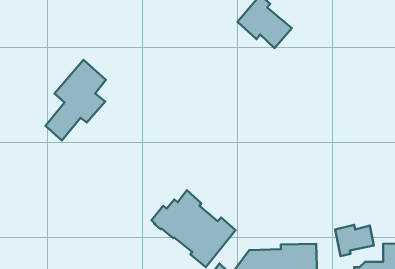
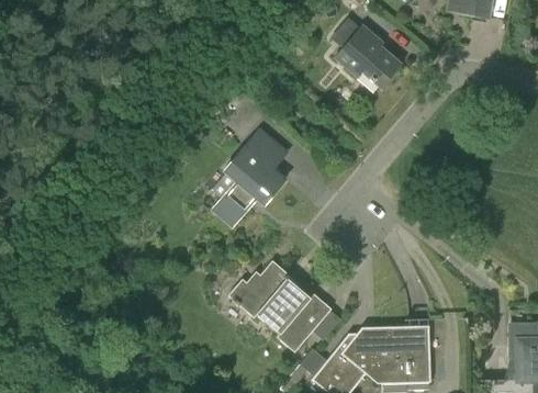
building: [45,60,106,140] -> [214,128,288,226]
building: [335,225,374,256] -> none

